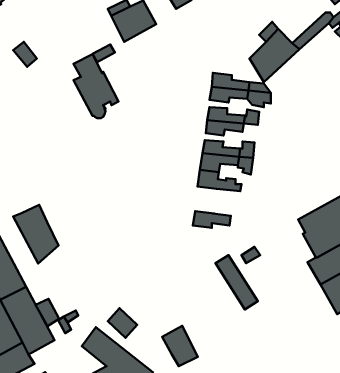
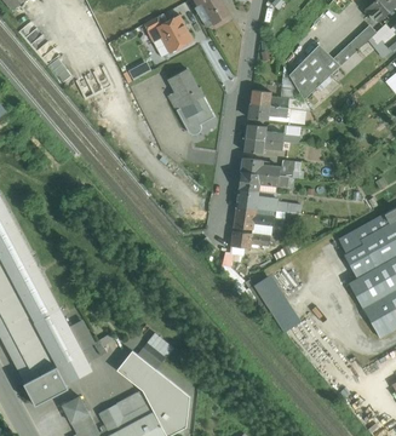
building: [74,54,119,118] -> [168,69,214,134]
building: none -> [234,206,274,230]
building: [13,205,58,263] -> none
building: [162,326,198,366] -> none

